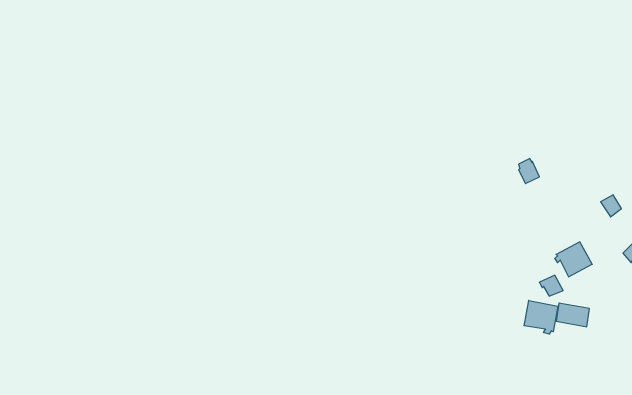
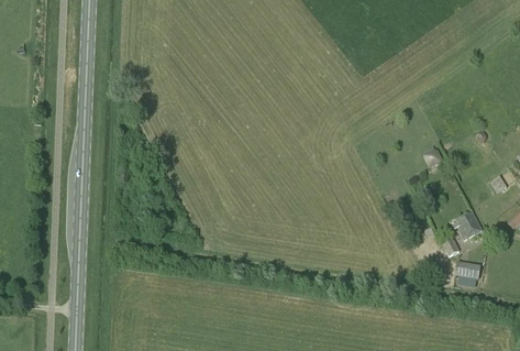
building: [524,300,558,334] -> none

